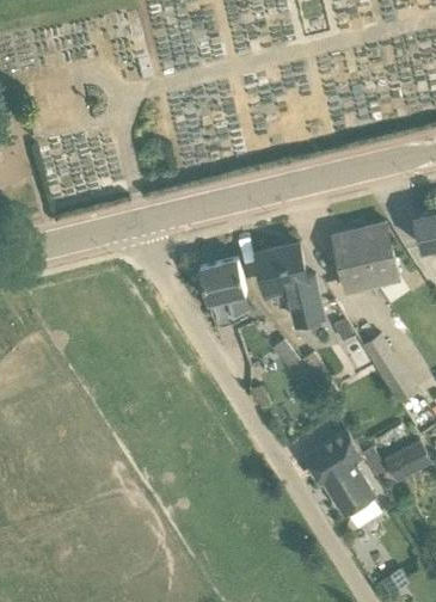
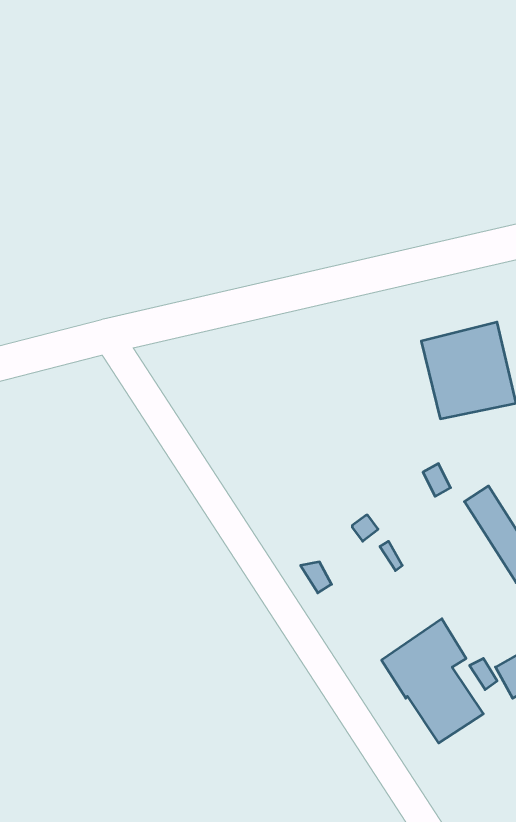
building: [256,245,324,325] -> none
building: [198,259,251,312] -> none

